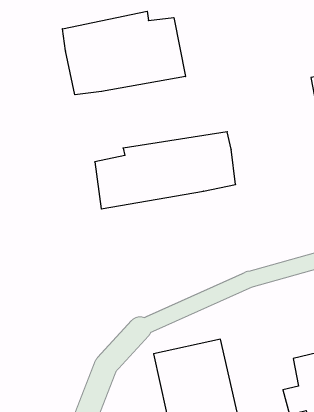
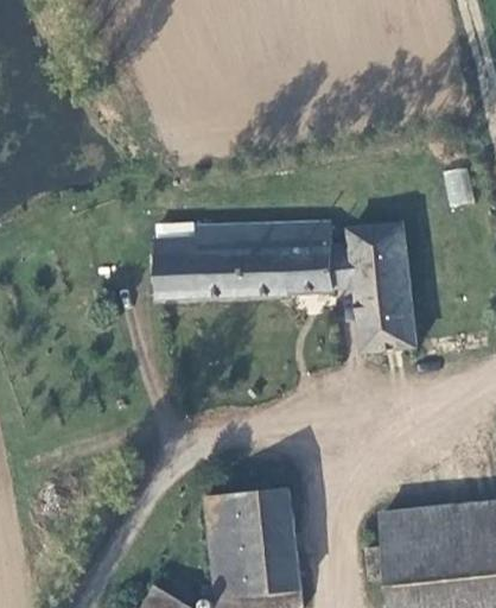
building: [62,11,185,95] -> none
building: none -> [333,227,418,359]

